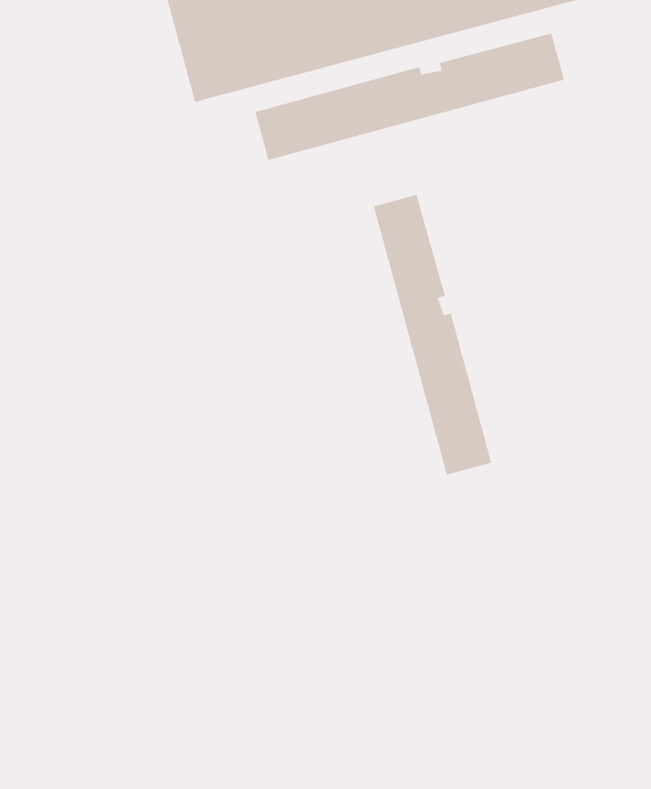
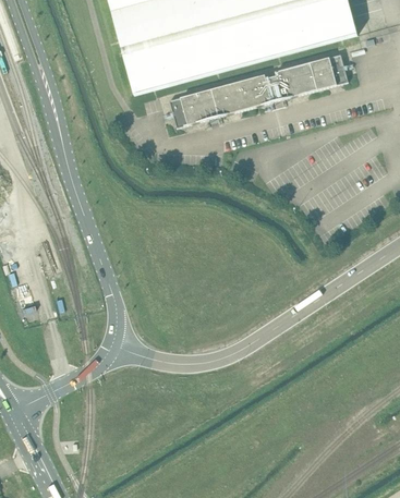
building: [373,194,492,476] -> none

